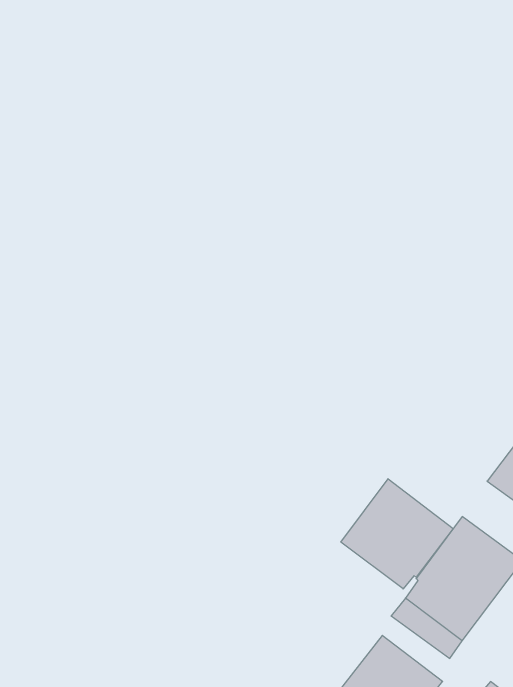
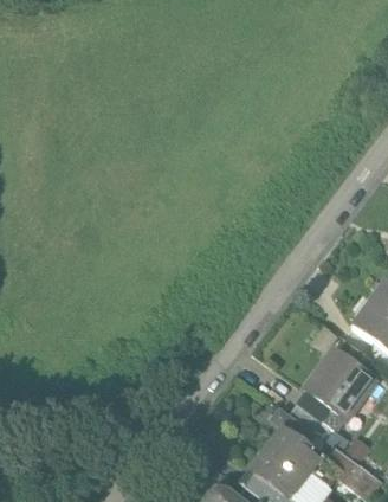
building: [341,479,453,589] -> none

